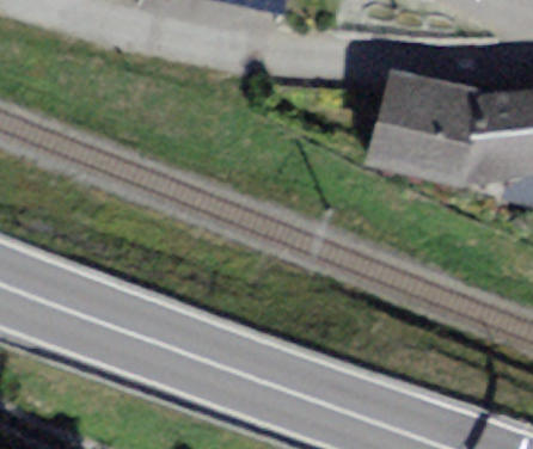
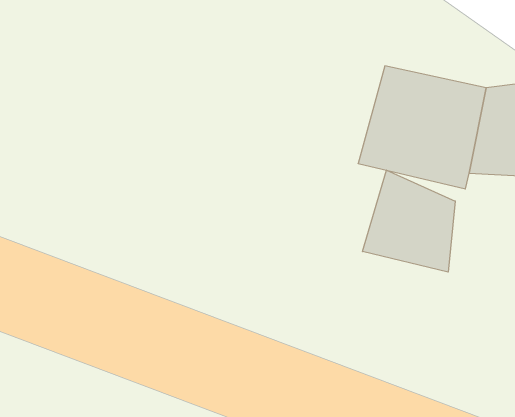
building: none -> [363,170,455,272]

